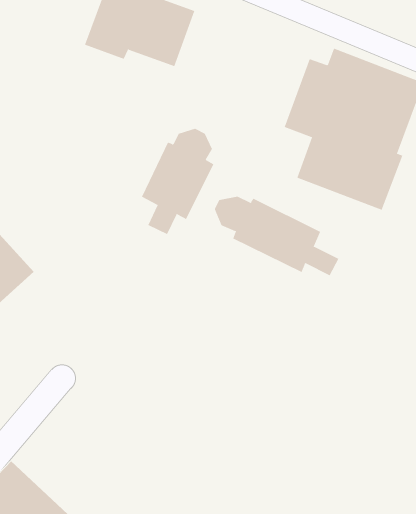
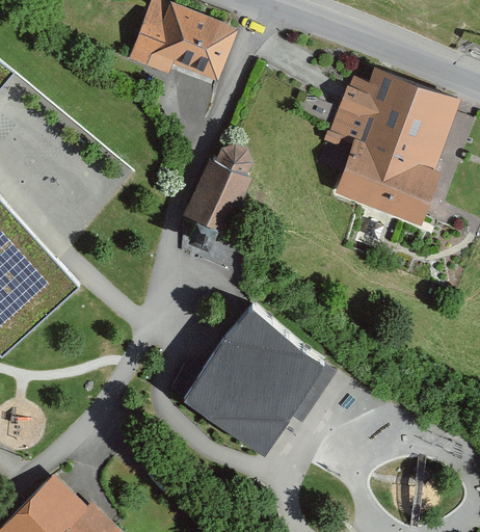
building: [214,196,339,276] -> none
building: none -> [182,308,322,453]

